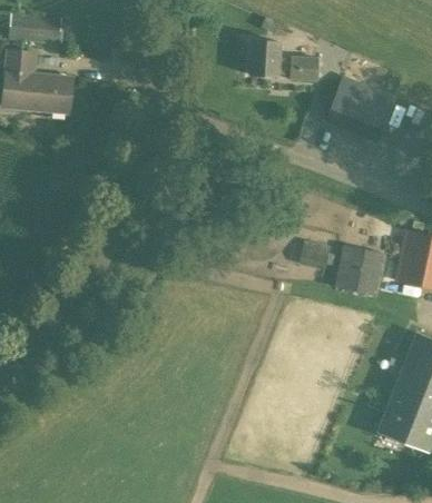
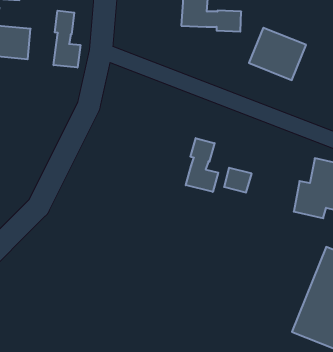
building: none -> [54,11,80,68]
building: none -> [186,138,218,192]
building: [334,244,385,295] -> none

